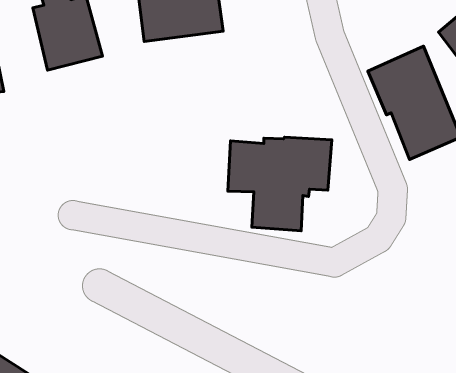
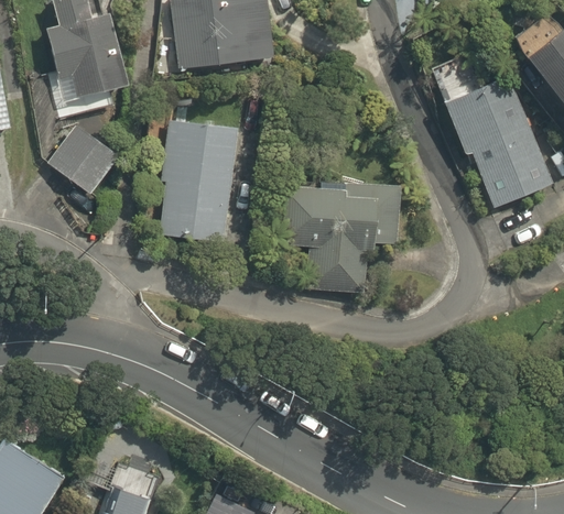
building: none -> [159,120,237,242]
building: none -> [48,124,119,194]

